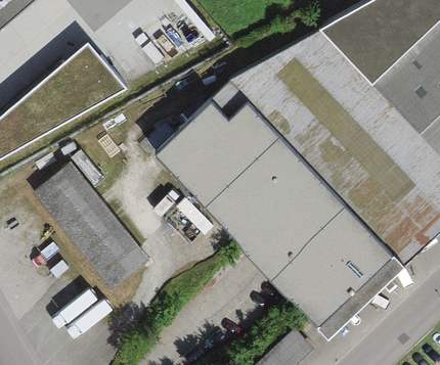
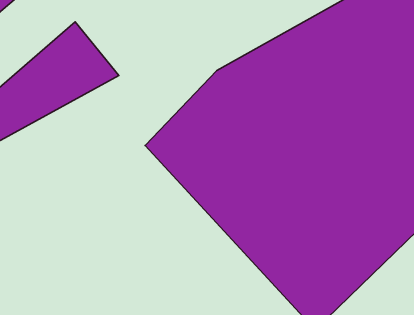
building: [30,157,147,286] -> none

